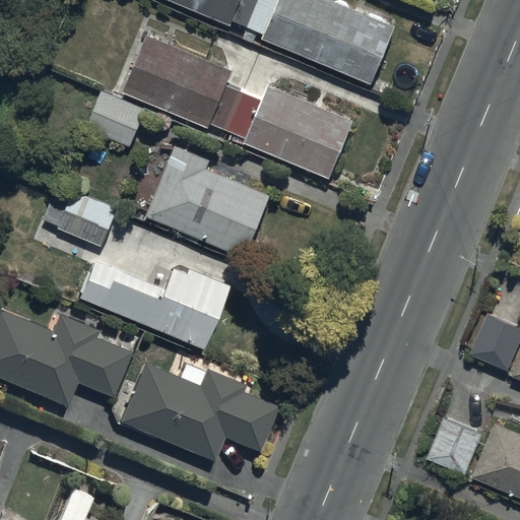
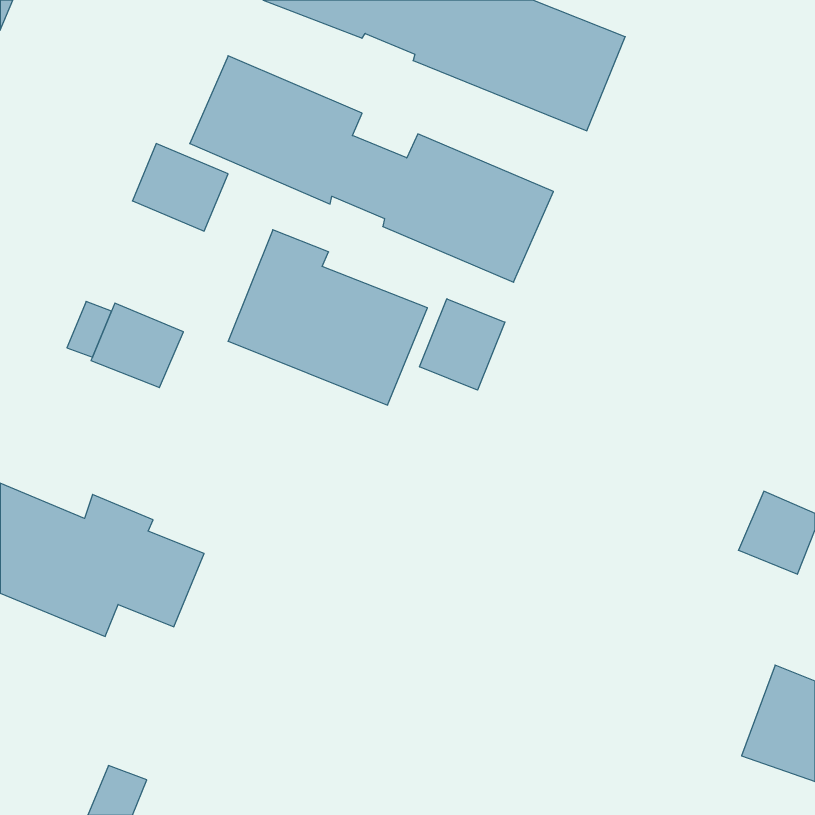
building: none -> [420,299,505,390]
building: [80,262,231,350] -> none
building: [119,364,278,462] -> none
building: [425,415,480,474] -> none

